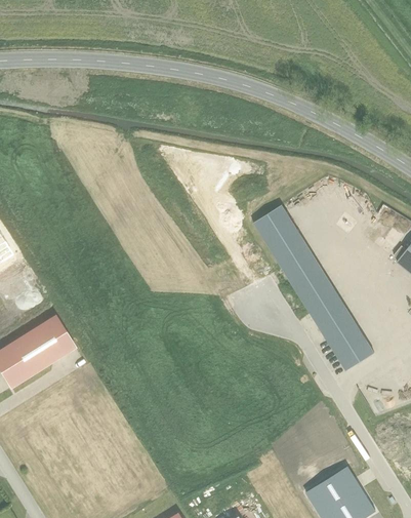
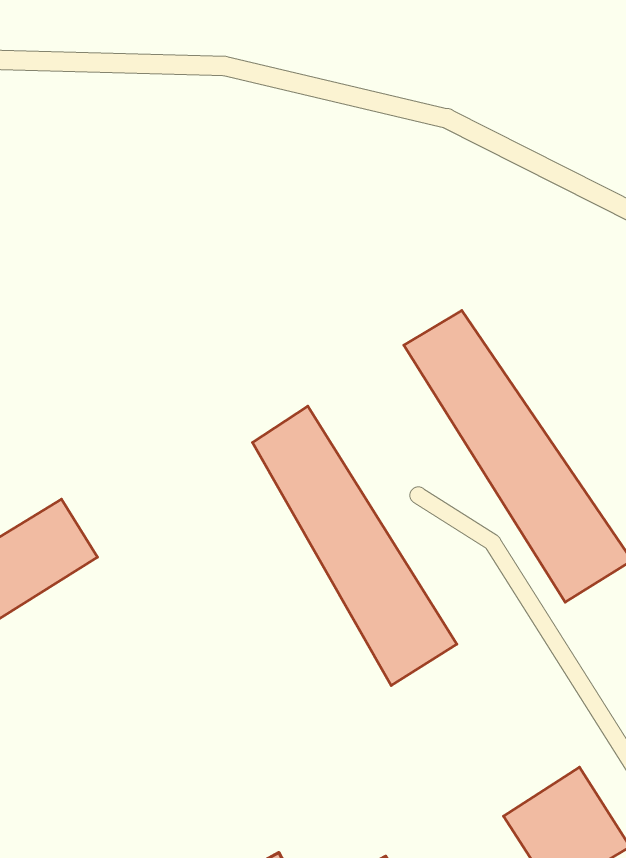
building: none -> [252,406,457,686]

